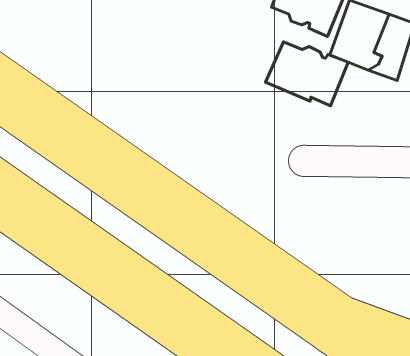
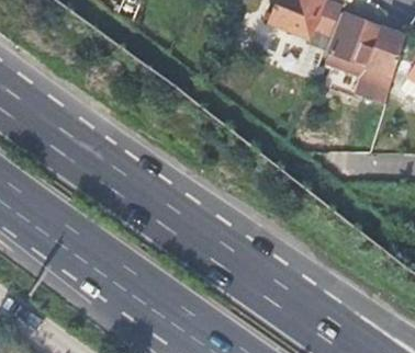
building: [266,42,348,106] -> none

